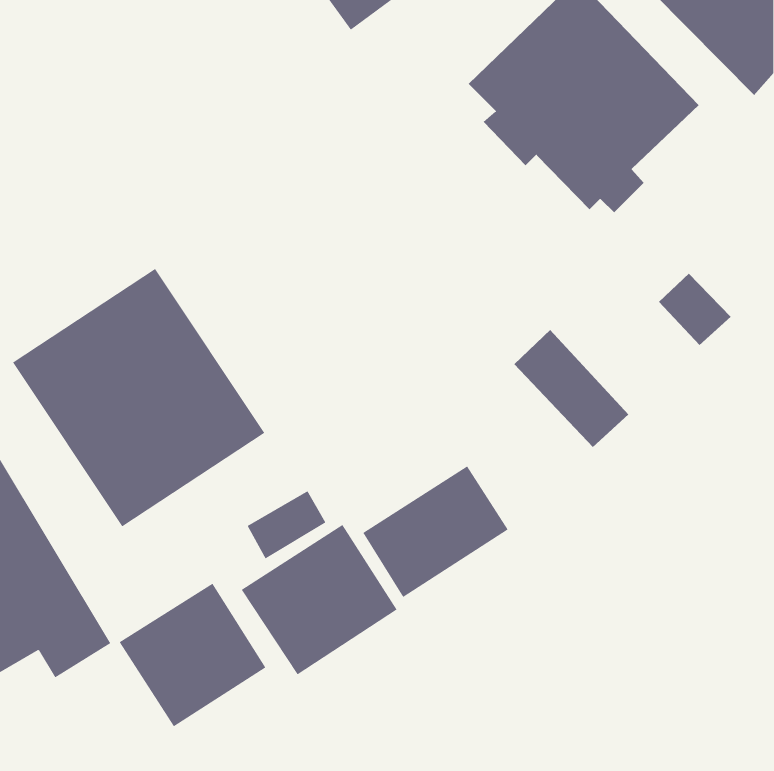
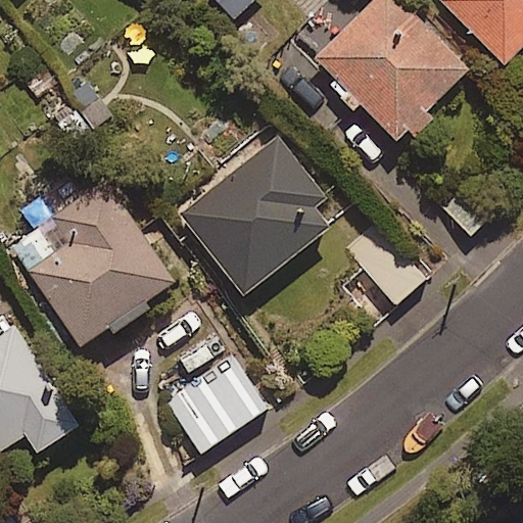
building: none -> [178,134,330,296]
building: [362,466,509,598] -> none
building: [119,583,266,727] -> none

